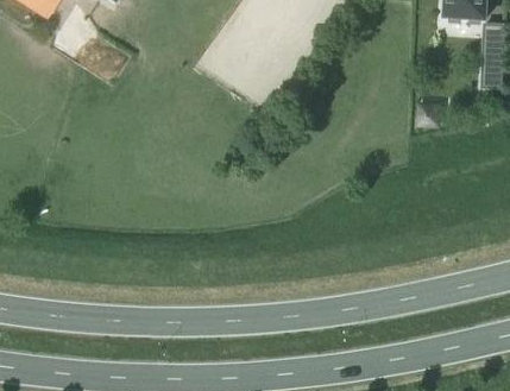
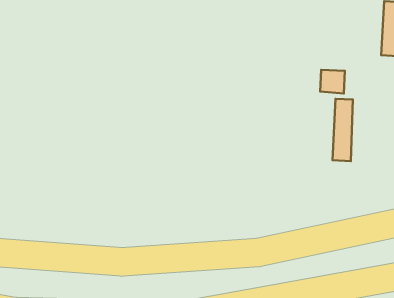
building: none -> [333,99,353,161]

